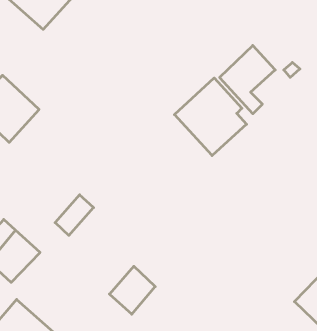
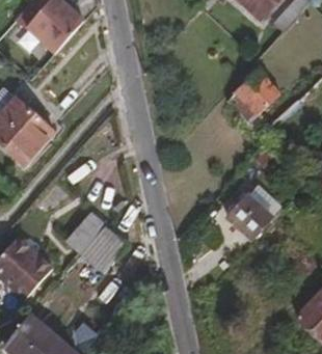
building: [174,78,247,156] -> none
building: none -> [225,193,270,239]
building: [109,266,155,314] -> [80,226,125,273]

